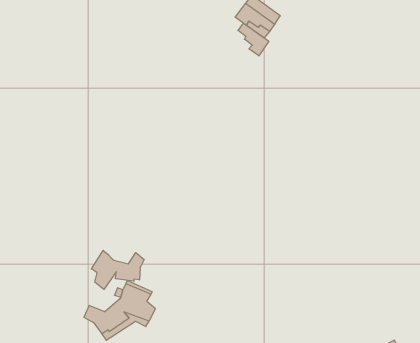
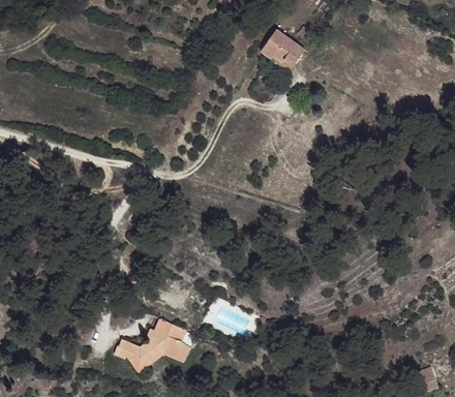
building: [238,23,269,56] -> none
building: [91,250,144,289] -> none

